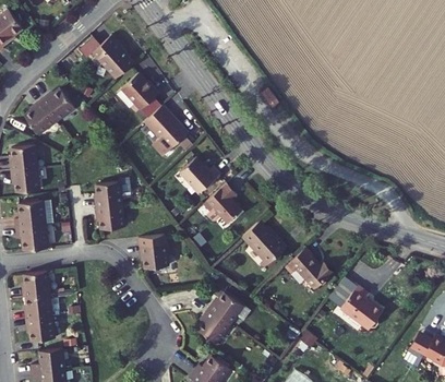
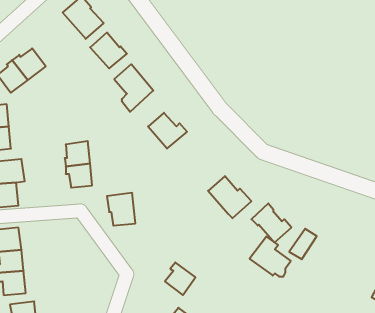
building: [203,182,241,223] -> none
building: [340,285,383,326] -> [250,237,291,277]
building: [208,293,248,325] -> none

